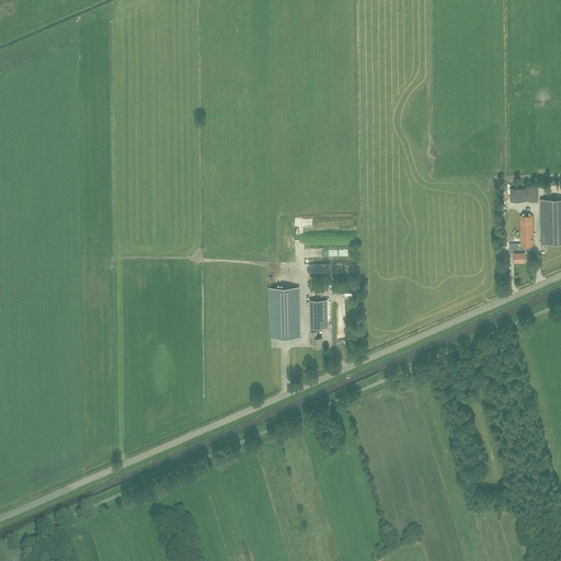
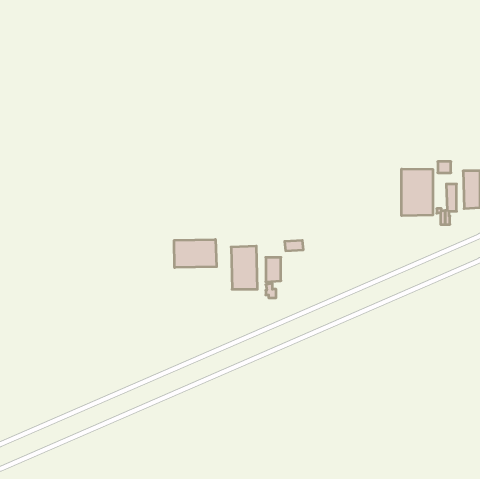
building: none -> [402,169,433,216]
building: none -> [174,239,217,268]

